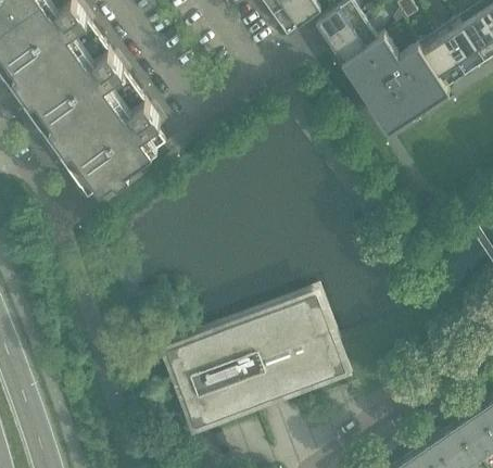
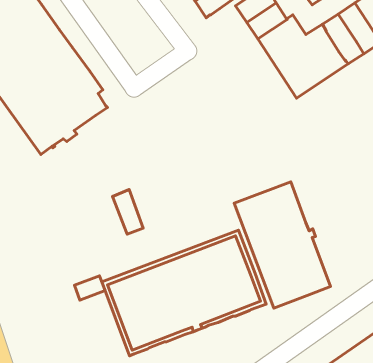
building: none -> [234,182,330,308]
building: none -> [112,189,143,234]
building: none -> [74,276,105,300]

